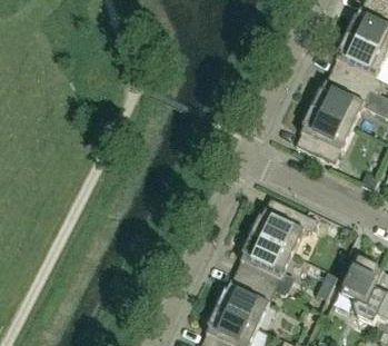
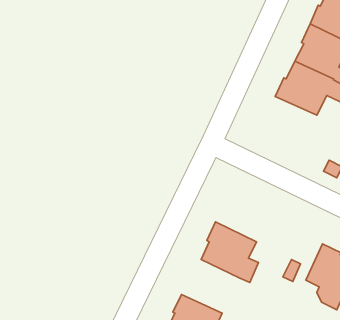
building: [296,109,354,166] -> none
building: [251,199,319,256] -> none
building: [217,274,276,328] -> none

